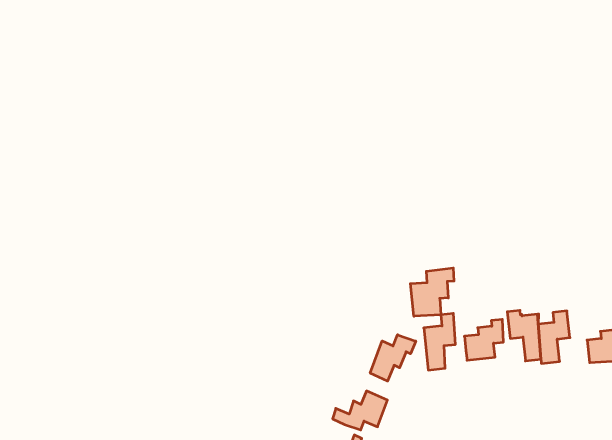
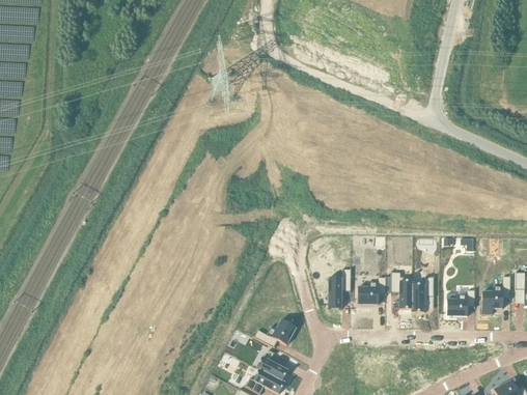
building: [410,268,454,316] -> none
building: [370,335,416,381] -> none

